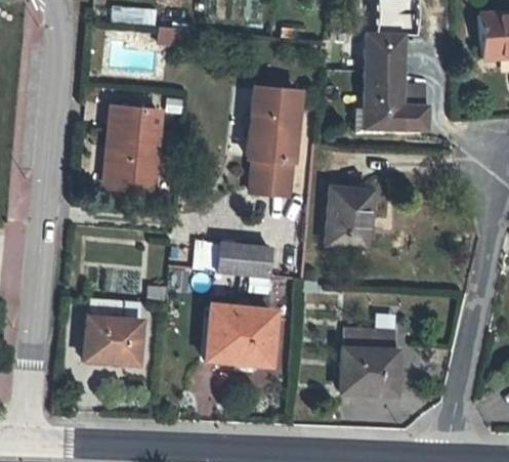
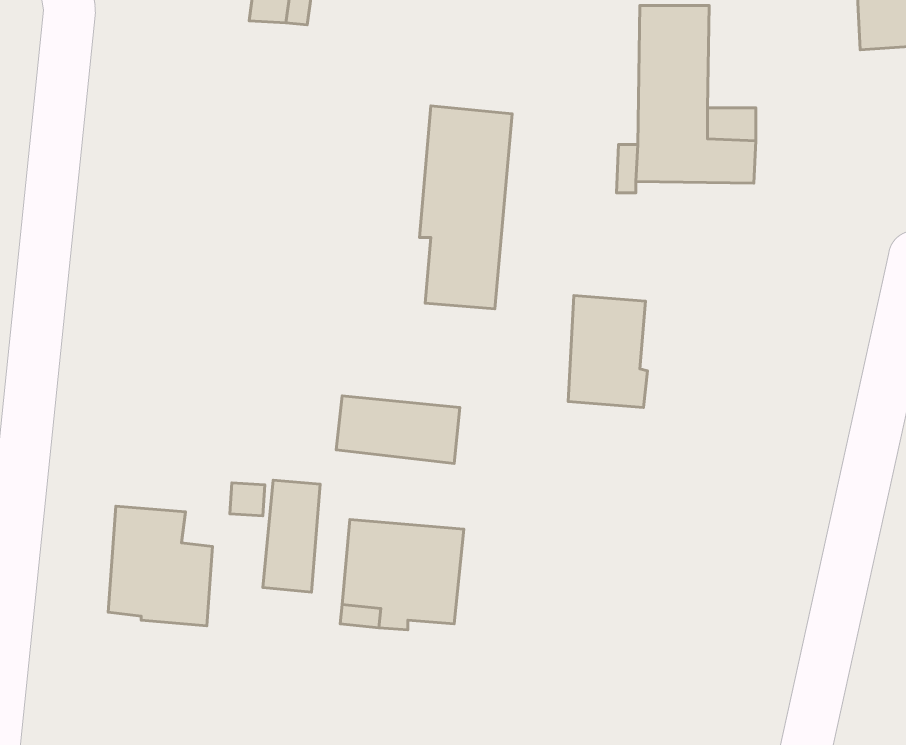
building: [108,107,160,191] -> none
building: none -> [263,480,320,592]
building: [341,330,394,392] -> none

